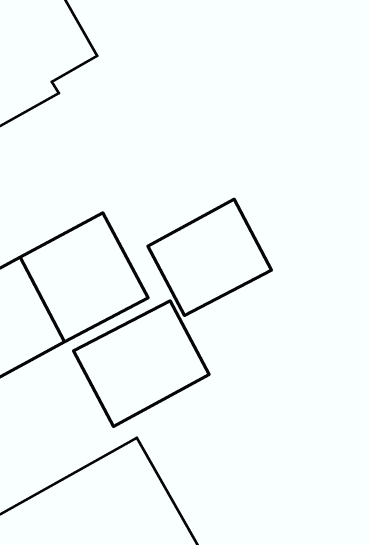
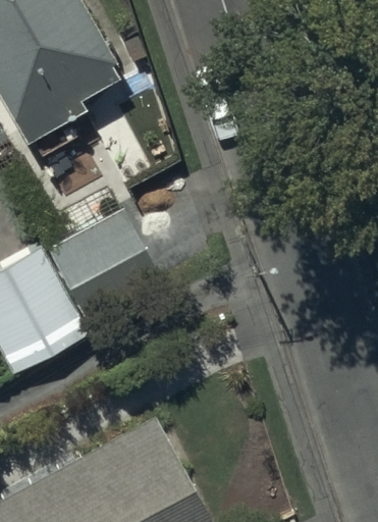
building: [148,199,272,315] -> none
building: [74,301,209,427] -> none

